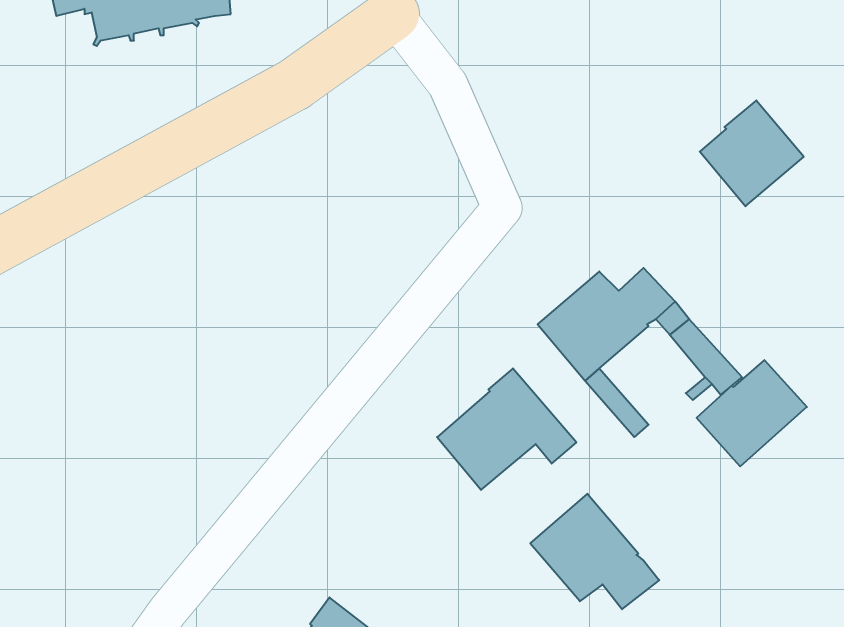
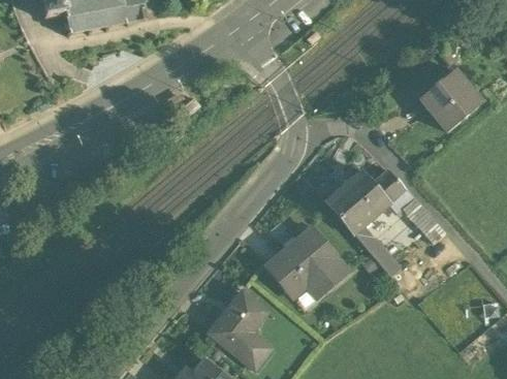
building: [697,360,807,466] -> none
building: none -> [210,291,268,369]
building: [530,494,659,609] -> none

